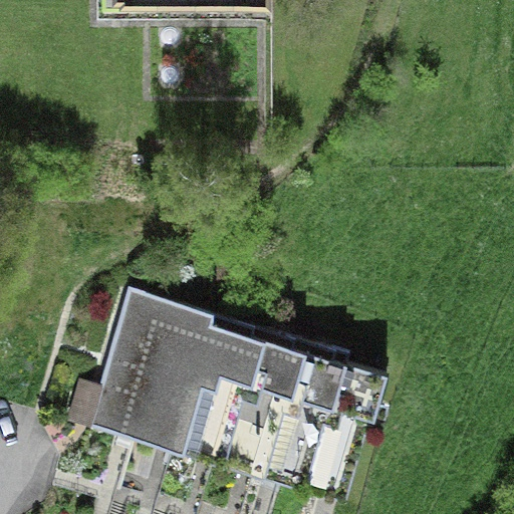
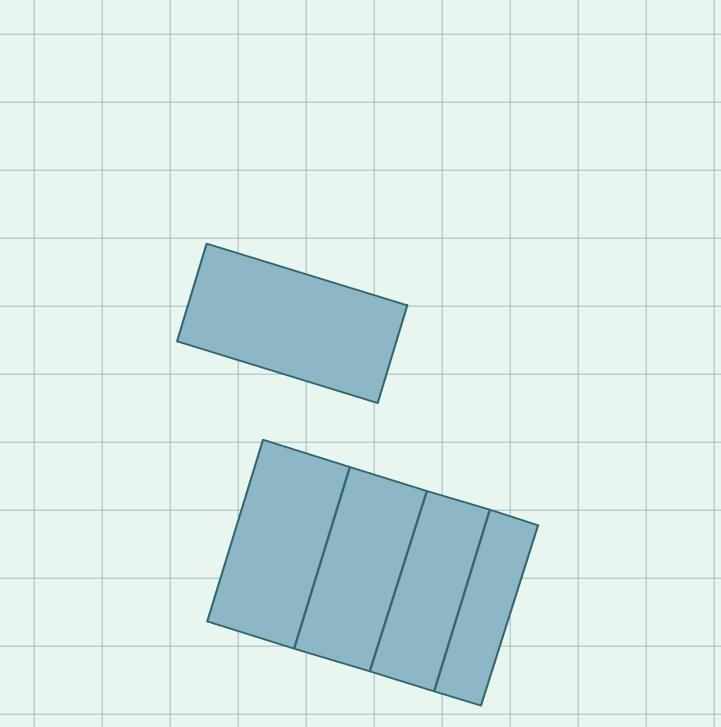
building: none -> [177,244,407,403]
building: [83,290,185,437] -> none

